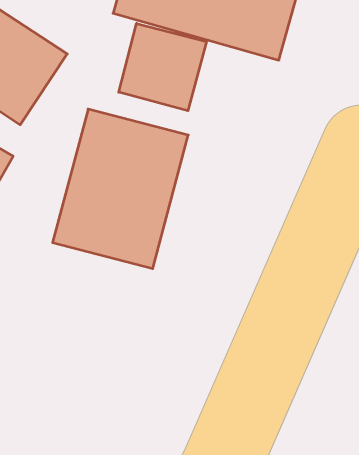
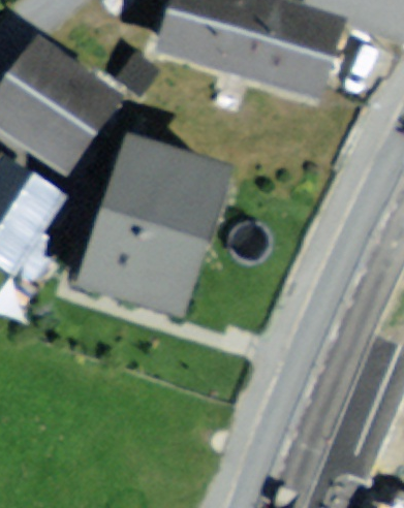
building: [119,23,206,111] -> none

